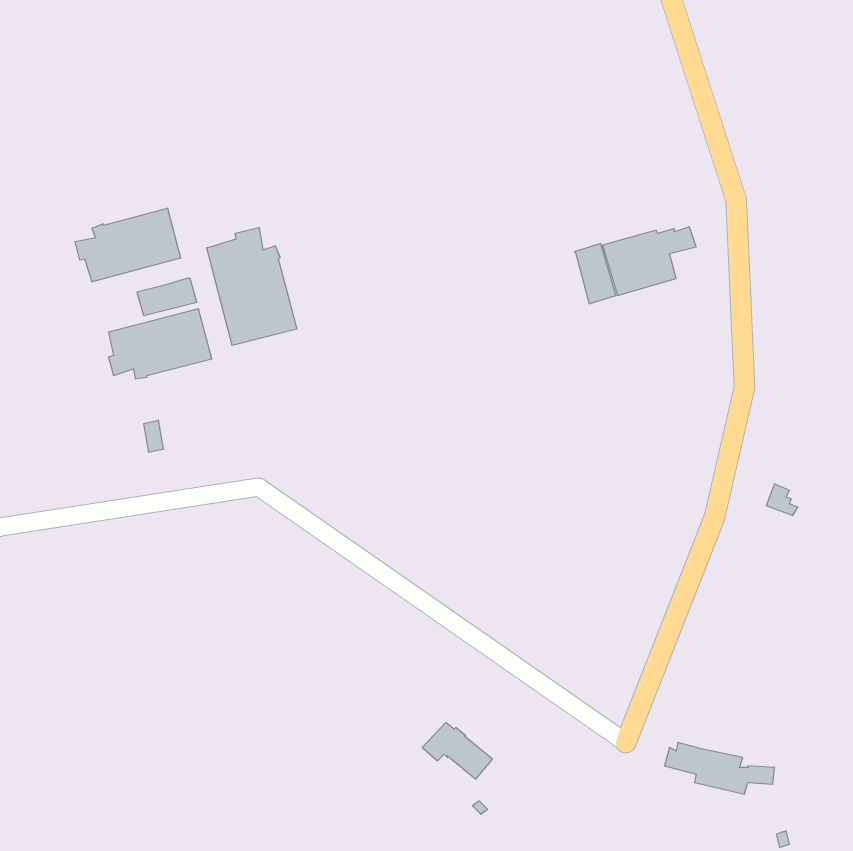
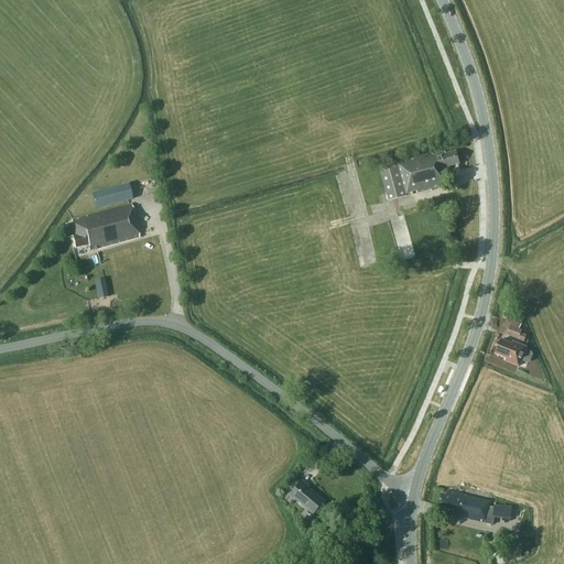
building: [75,208,181,282] -> none
building: [207,227,297,345] -> none
building: none -> [496,339,532,366]

